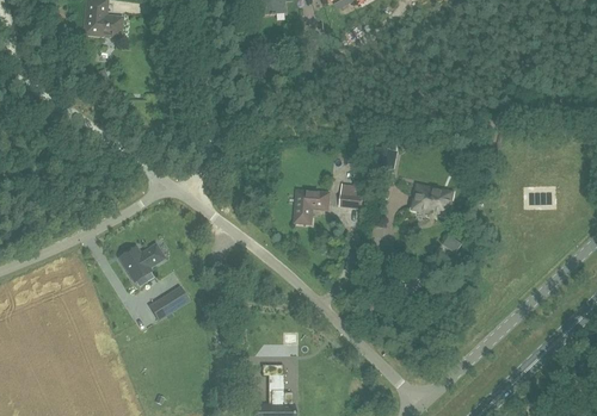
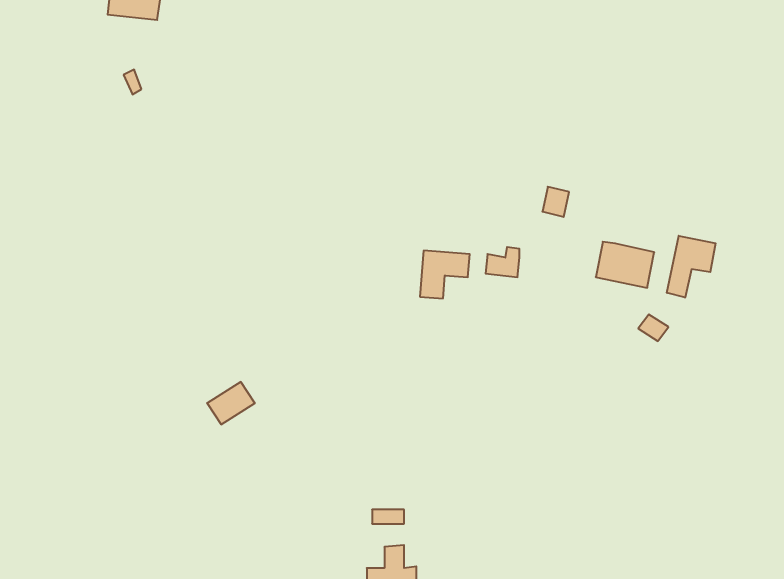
building: none -> [667,236,716,298]
building: [121,244,165,280] -> none

